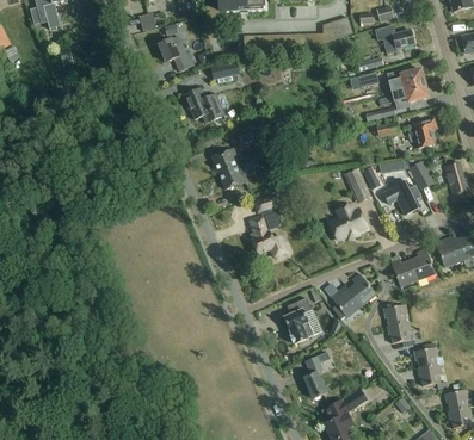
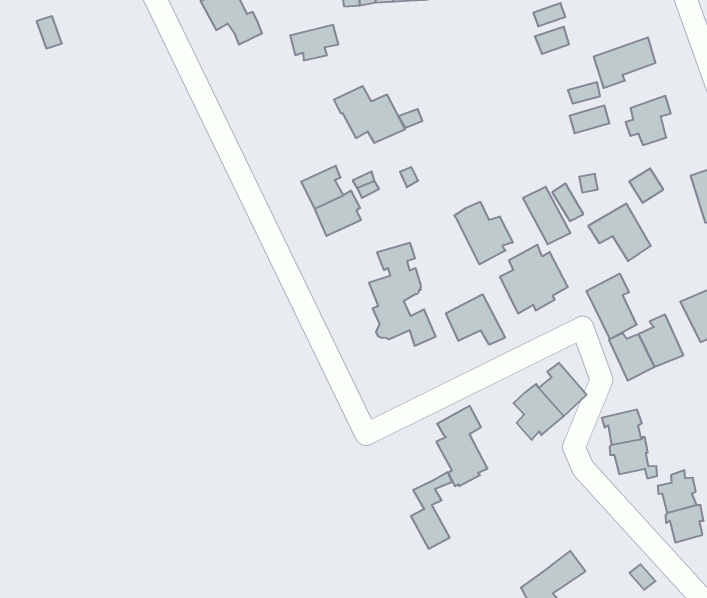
building: [387,67,425,91] -> none
building: [183,87,224,122] -> [334,86,405,143]
building: none -> [454,202,513,264]
building: none -> [587,274,637,339]
building: none -> [446,294,505,345]
building: [303,352,330,397] -> [411,472,452,549]

